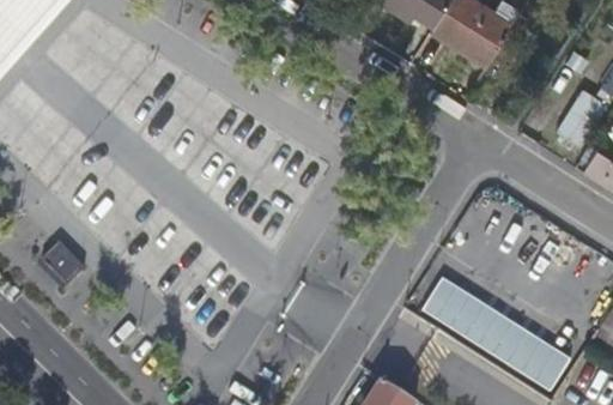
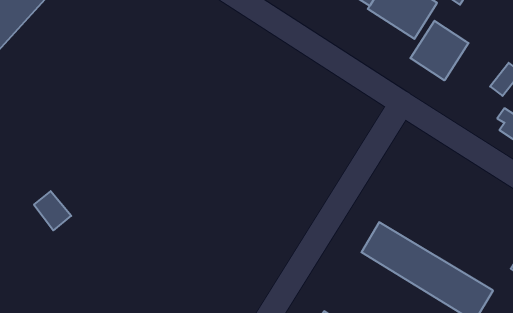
building: none -> [410,21,469,80]

